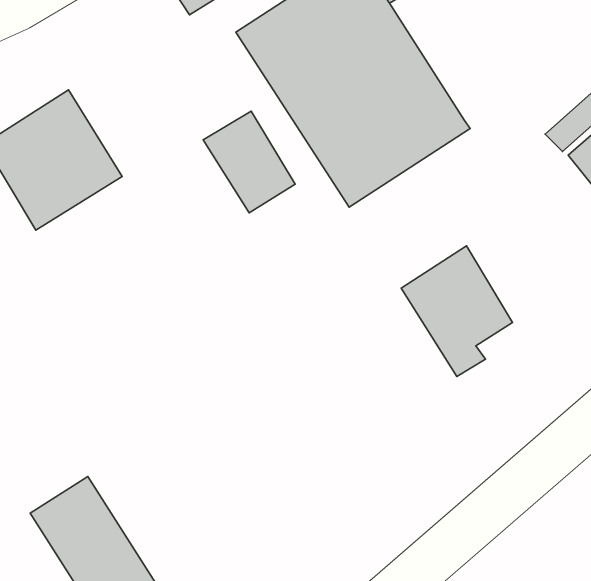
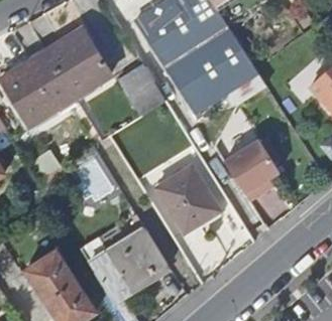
building: none -> [46,29,111,98]
building: none -> [157,167,221,233]
building: none -> [81,228,171,303]

